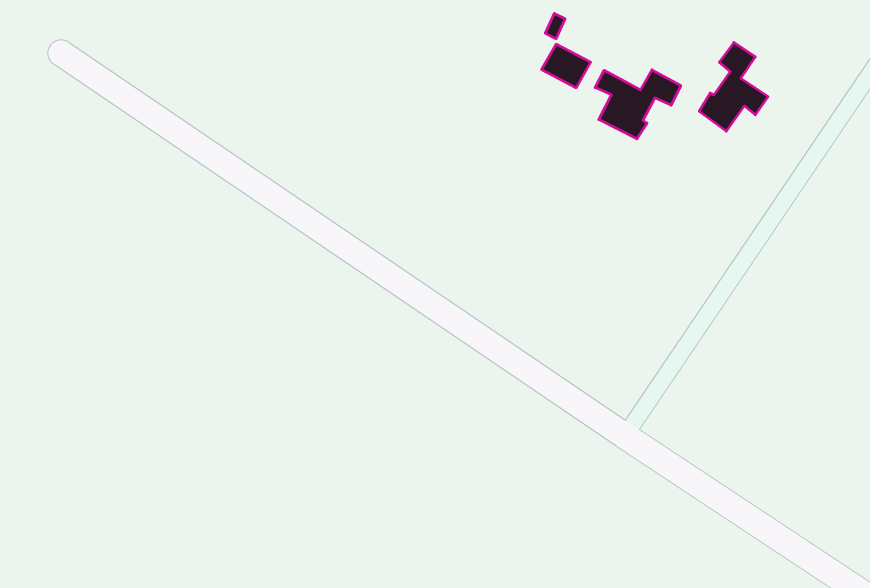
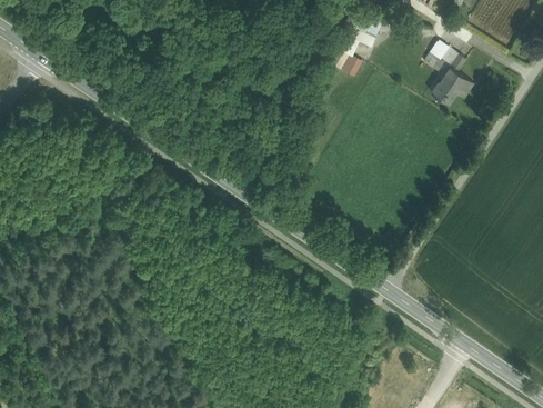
building: [595,70,681,139] -> none

